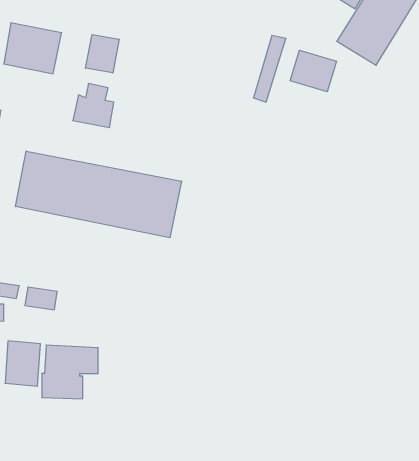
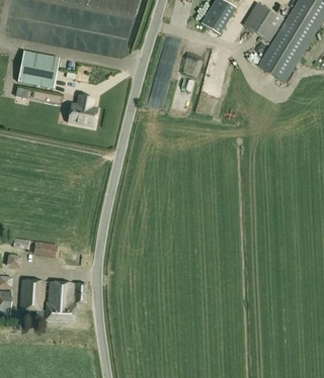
building: [86,35,119,73] -> none
building: [290,50,337,92] -> none
building: [16,151,182,238] -> none

